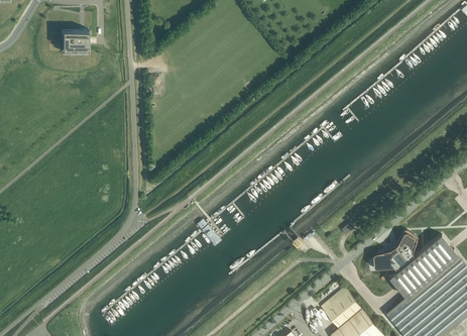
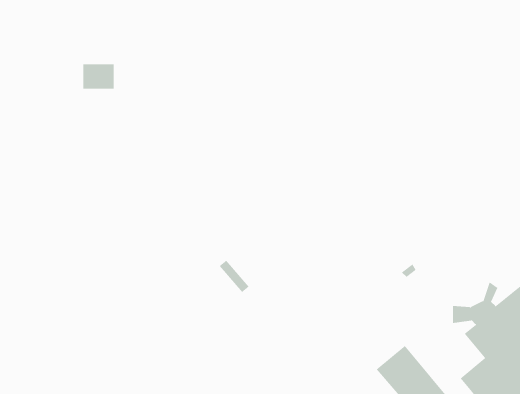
building: [63,30,88,50] -> [83,64,114,89]

